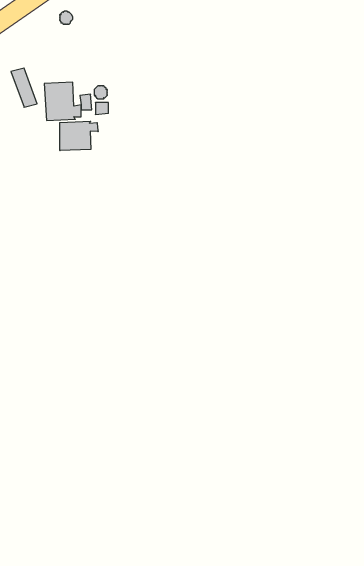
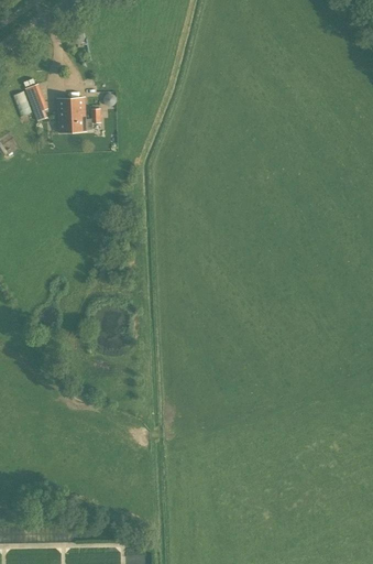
building: [60,121,98,151] -> none

